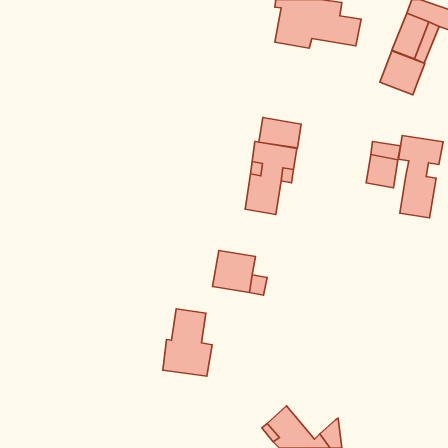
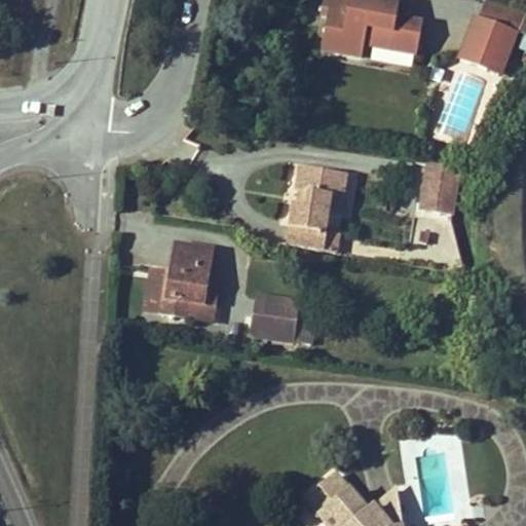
building: [380,51,425,95] -> none
building: [259,118,301,148] -> none
building: [398,135,443,218] -> none
building: [163,309,212,376] -> [159,242,217,322]

